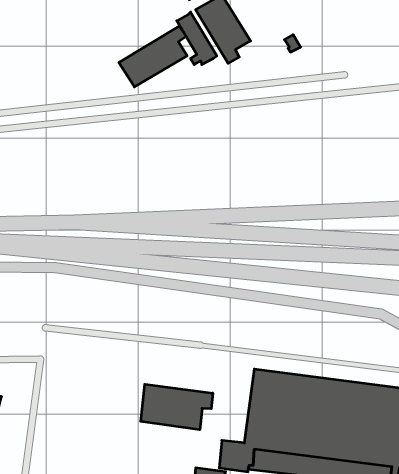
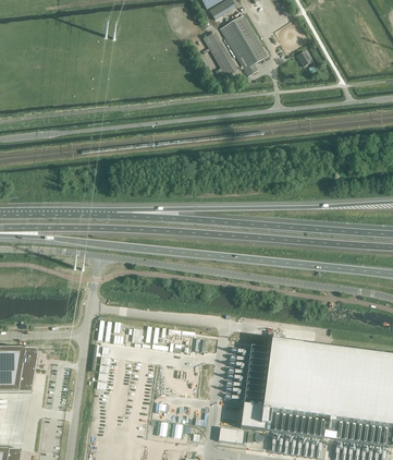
building: [119,26,187,87] -> none
building: [141,384,213,430] -> none

